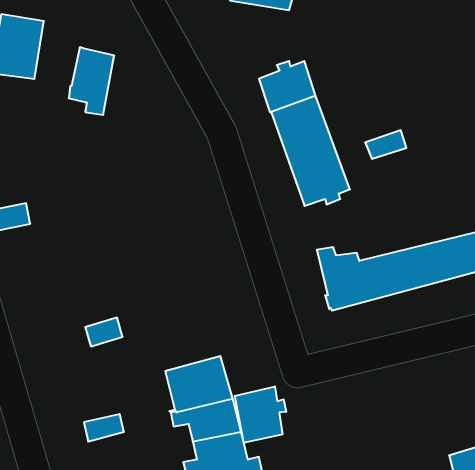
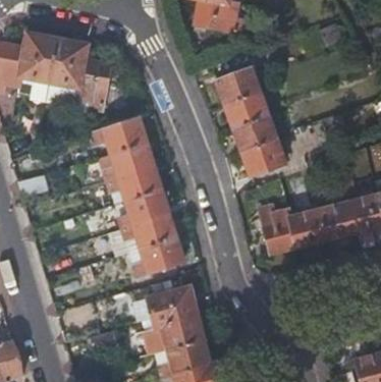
building: none -> [50,39,87,96]
building: none -> [93,118,182,275]
building: [235,386,286,443] -> none

